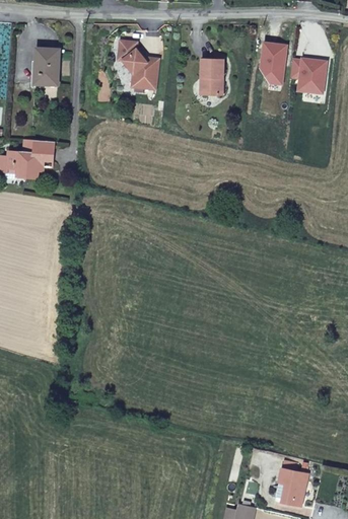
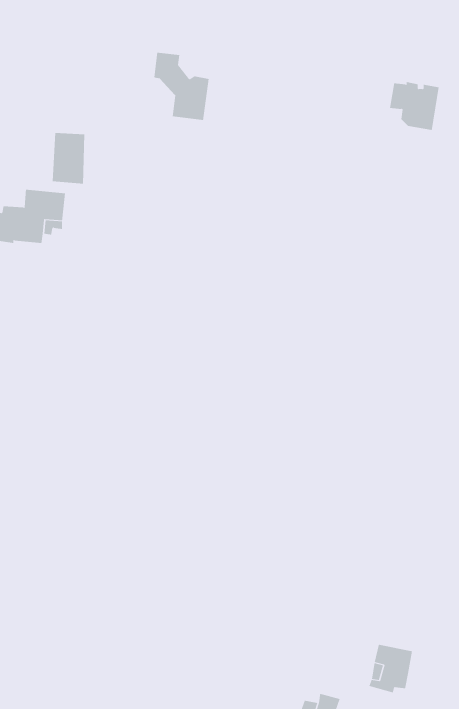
building: [259,44,286,85] -> none
building: [33,47,58,84] -> [52,133,85,184]
building: [200,59,222,94] -> none

